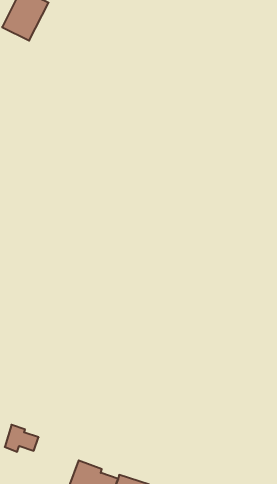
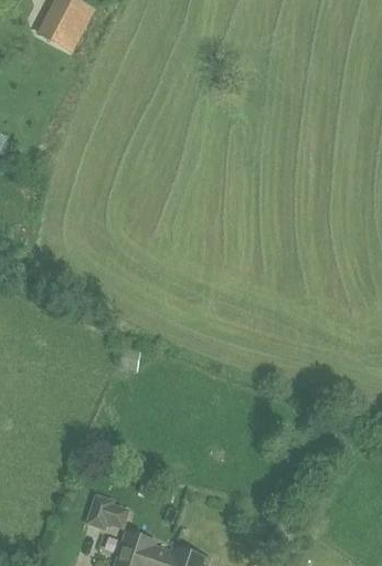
building: [5,425,39,452] -> [87,496,126,527]

